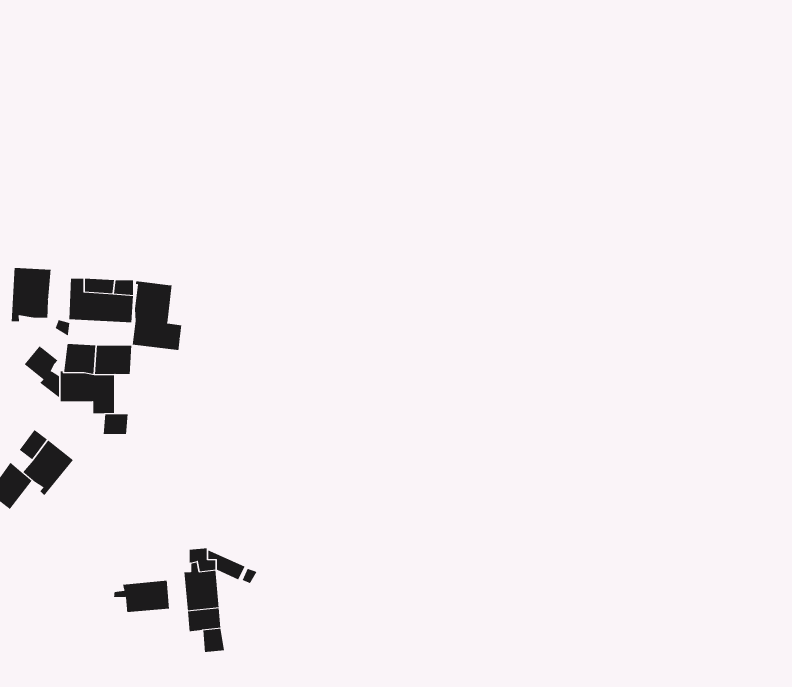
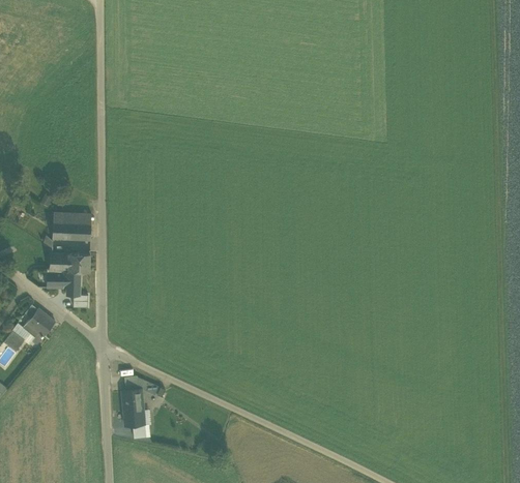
building: [11,267,51,322] -> none
building: [132,280,182,351] -> none
building: [114,580,169,613] -> none

